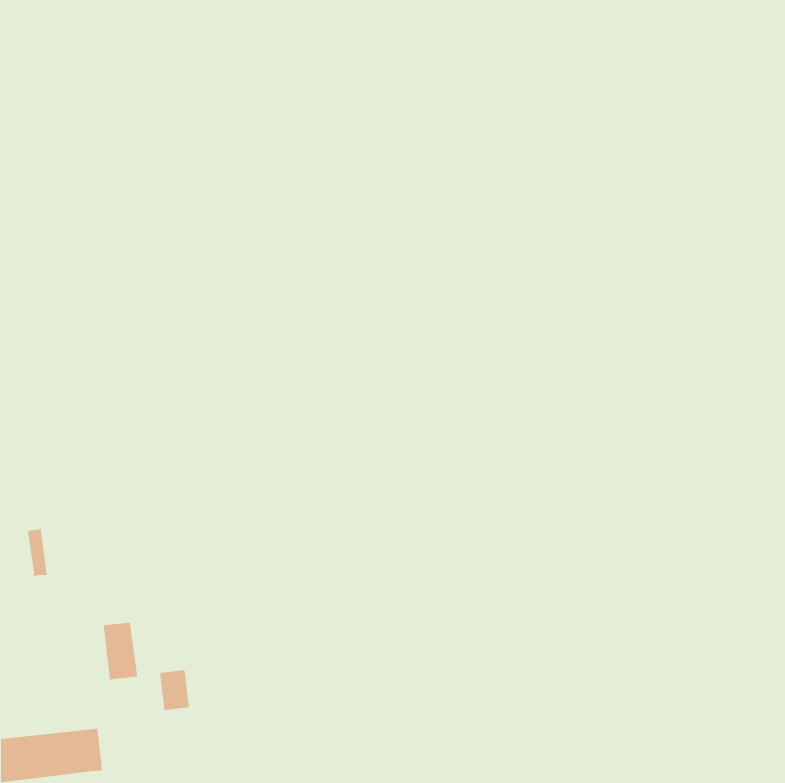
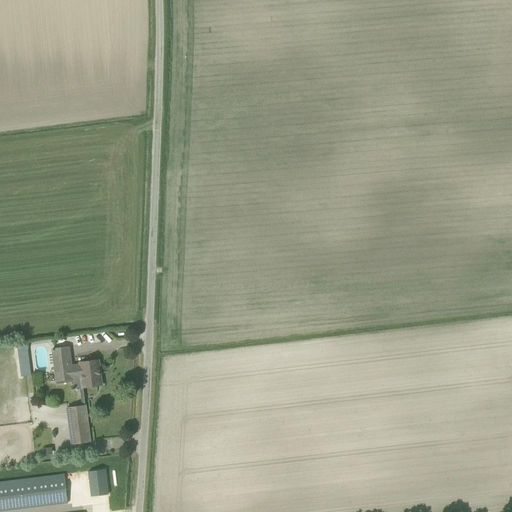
building: none -> [51,346,102,387]
building: [159,669,190,711] -> [88,469,108,496]

